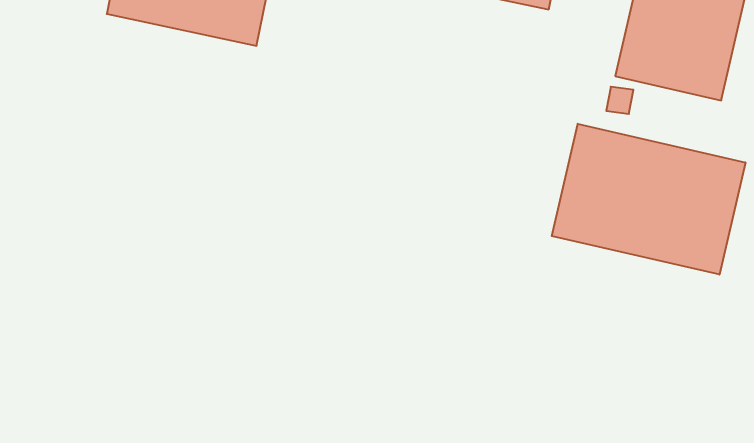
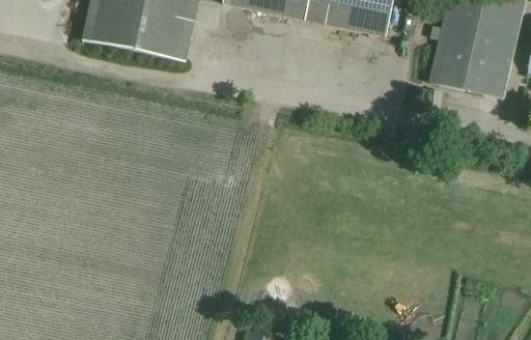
building: [552,124,745,275] -> none

